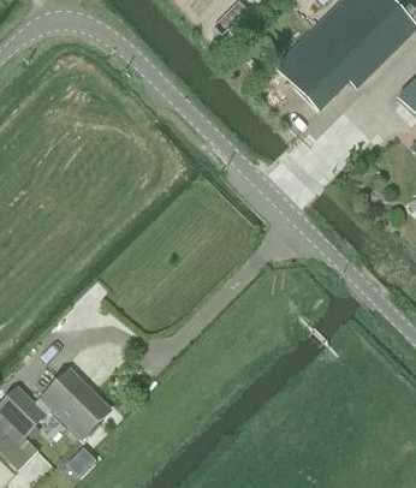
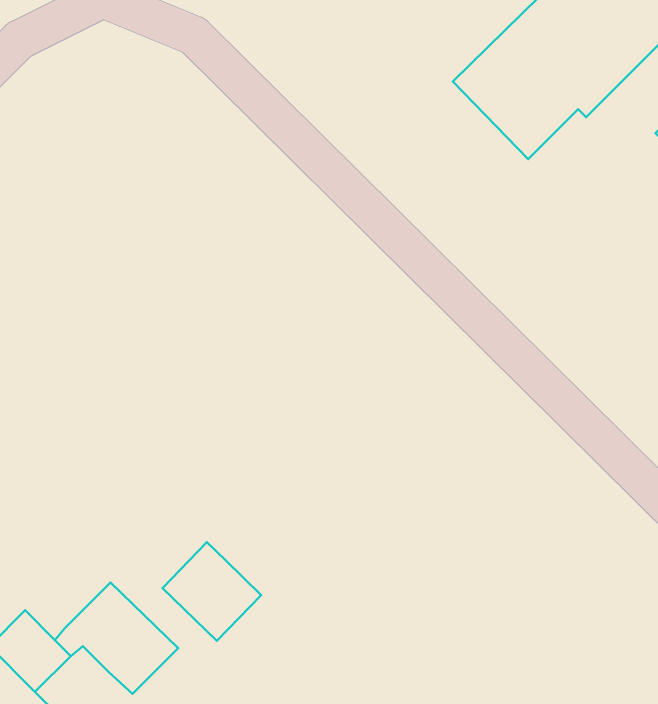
building: none -> [162,542,261,641]

